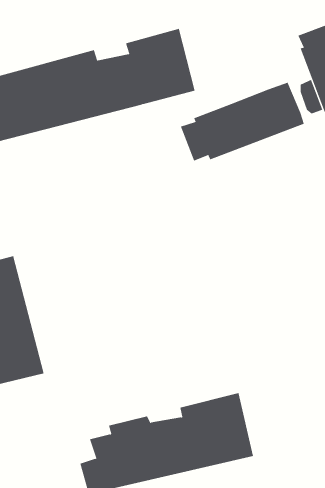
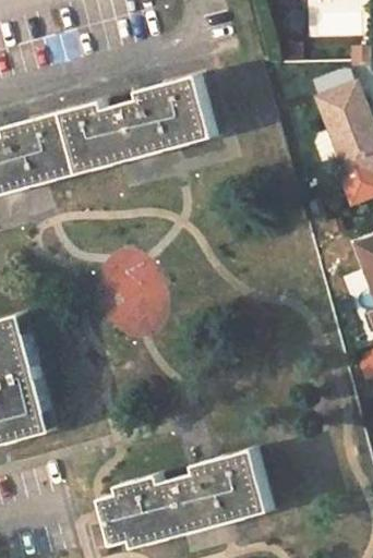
building: [180,82,305,161] -> none

